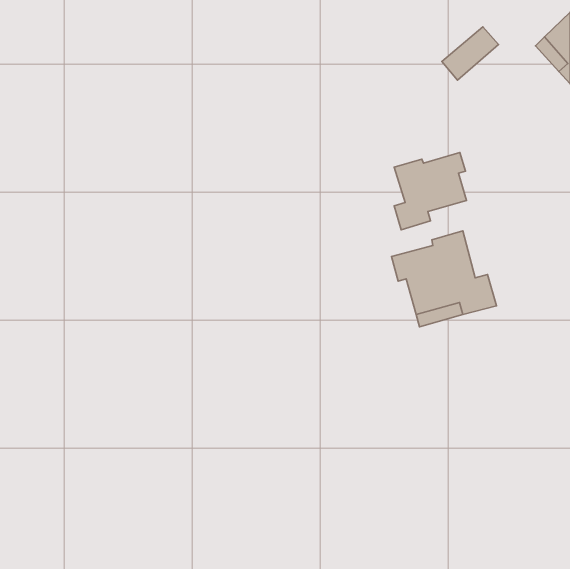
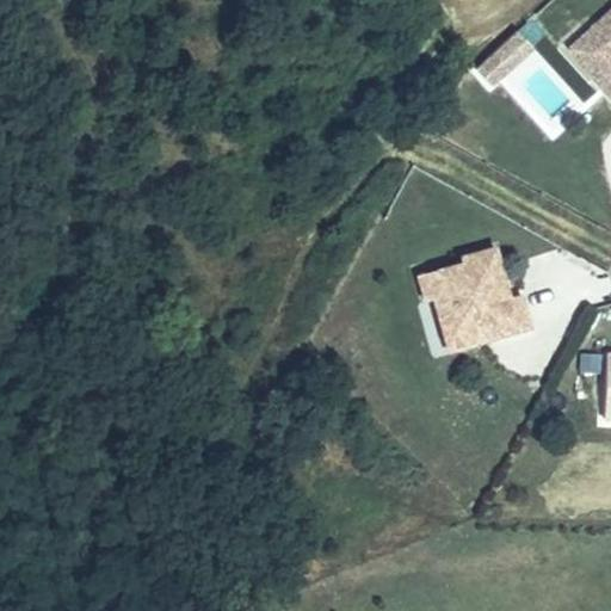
building: [394,152,467,230] -> none

